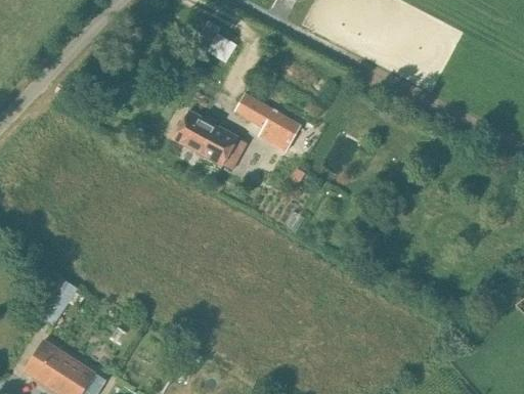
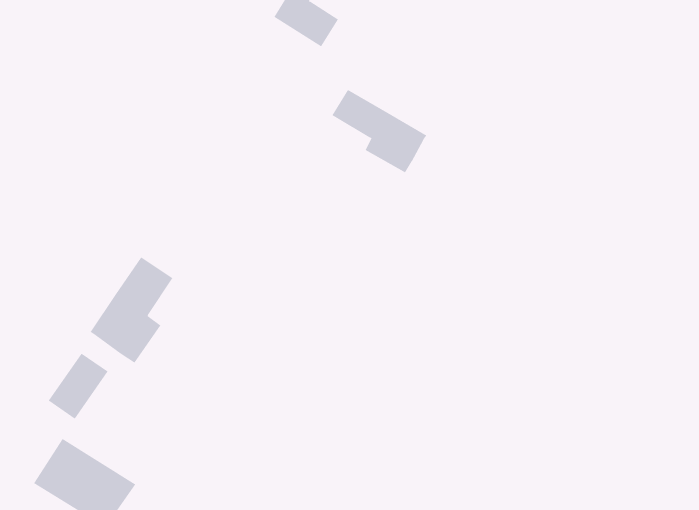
building: [173,110,239,167] -> none
building: none -> [90,257,173,363]

